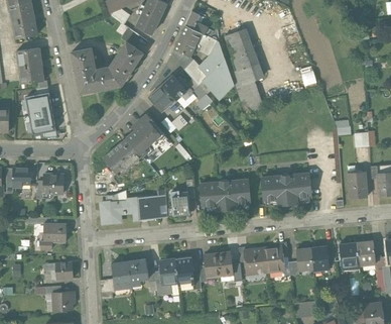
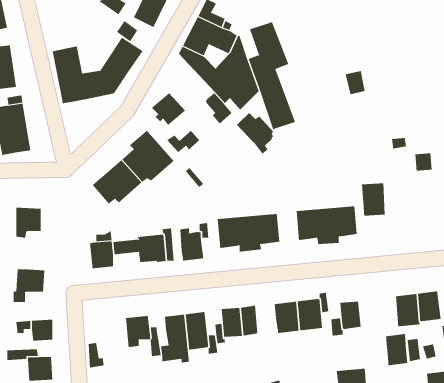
building: [163,75,192,108] -> [236,112,274,155]
building: [347,172,366,198] -> [361,183,386,216]
building: [311,246,330,272] -> [385,334,408,366]
building: [112,261,131,287] -> none

